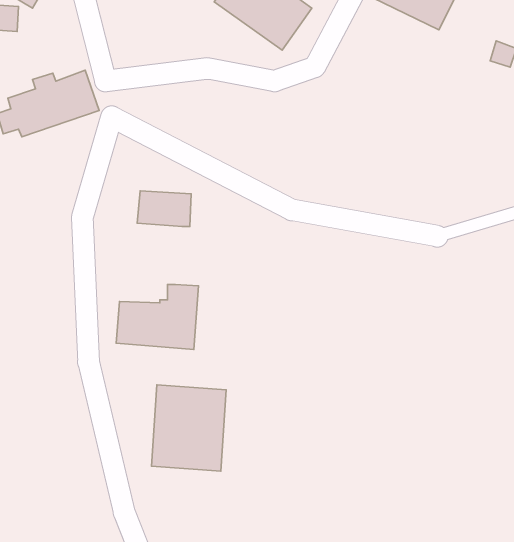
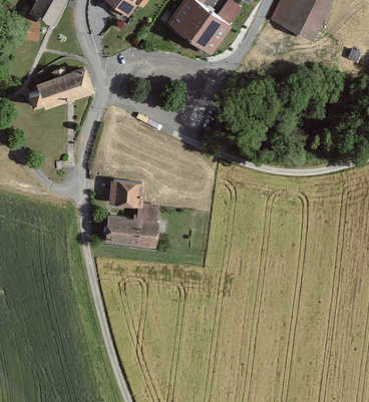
building: [137,191,191,226] -> [108,181,143,205]
building: [151,385,226,471] -> none

